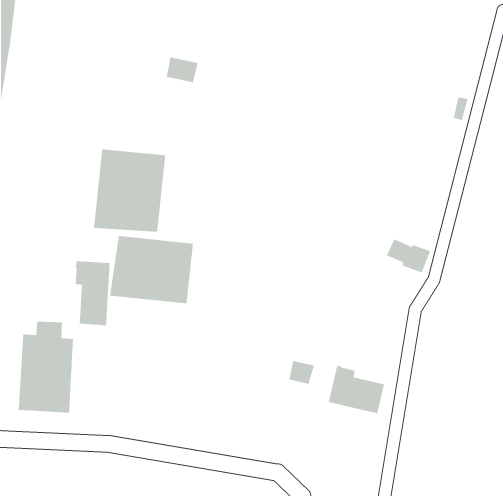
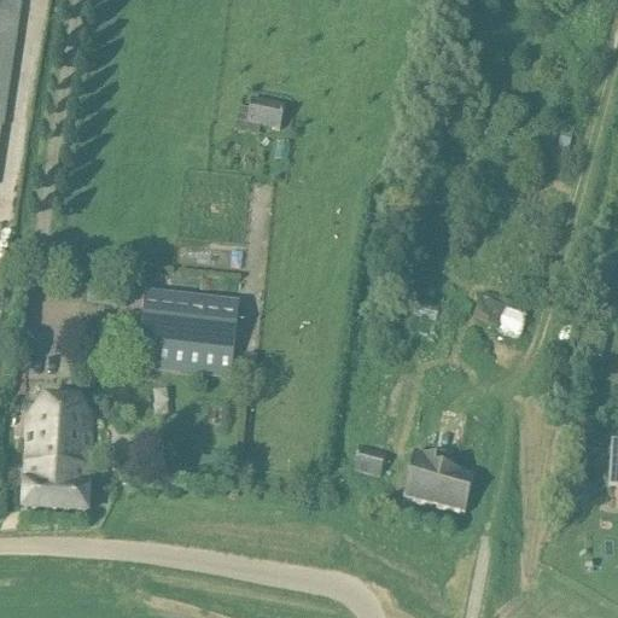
building: [166,57,198,83] -> [245,93,285,126]
building: [93,149,166,233] -> none
building: [75,261,111,326] -> none

